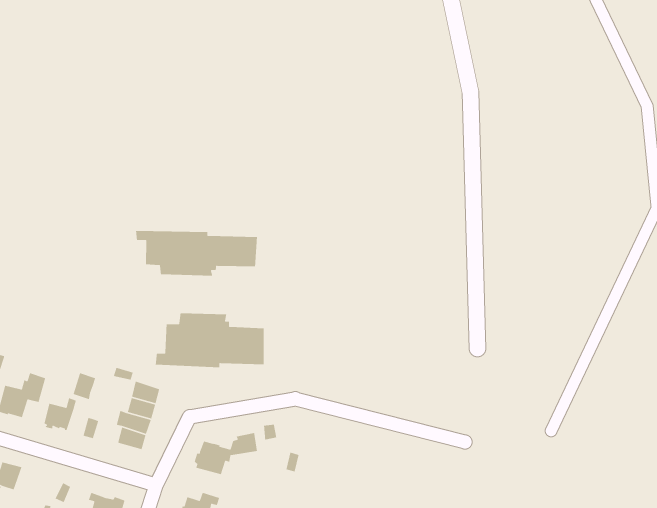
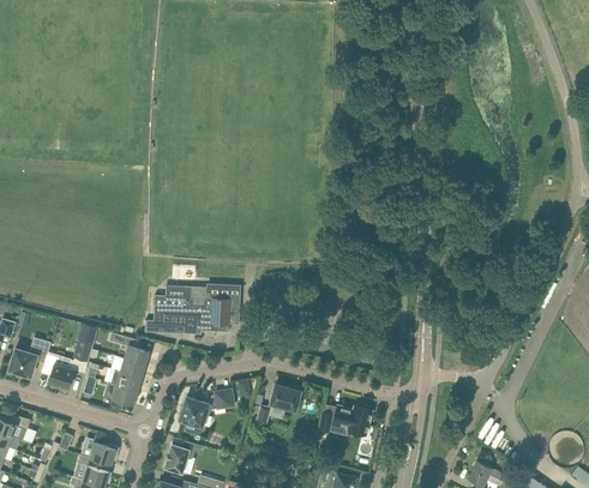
building: [135,230,258,276] -> none
building: none -> [270,385,300,414]
building: none -> [318,405,372,436]

